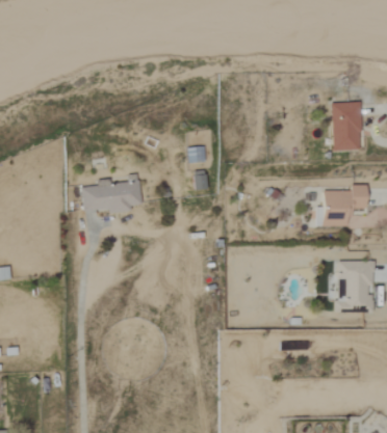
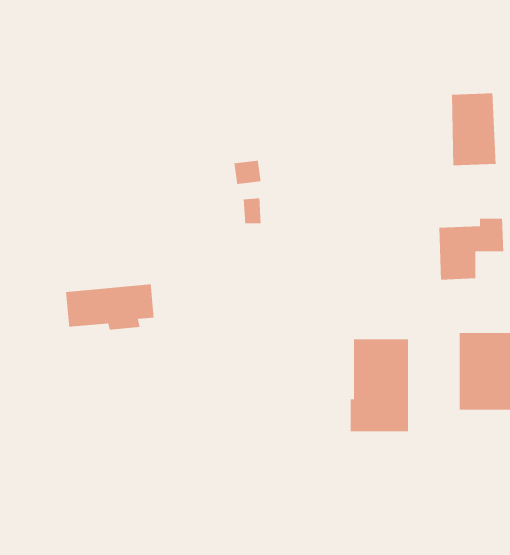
building: [82,181,141,212] -> [65,284,154,331]
building: none -> [350,338,409,432]

